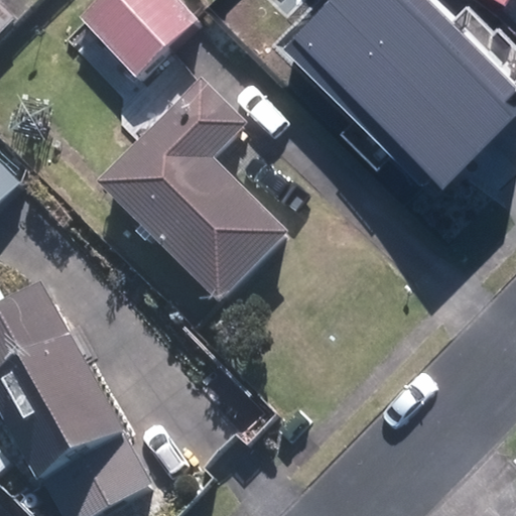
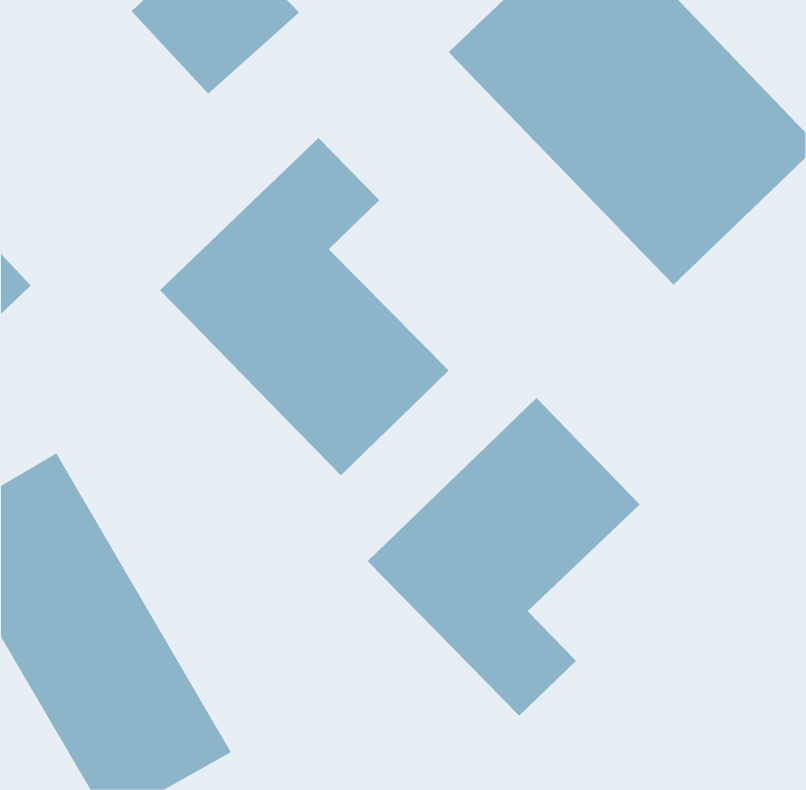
building: none -> [367,397,641,716]

